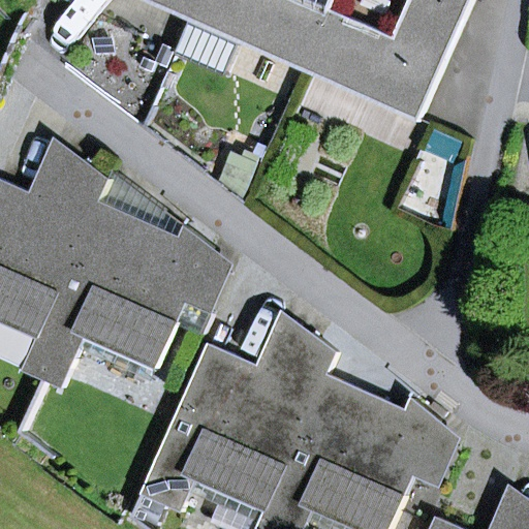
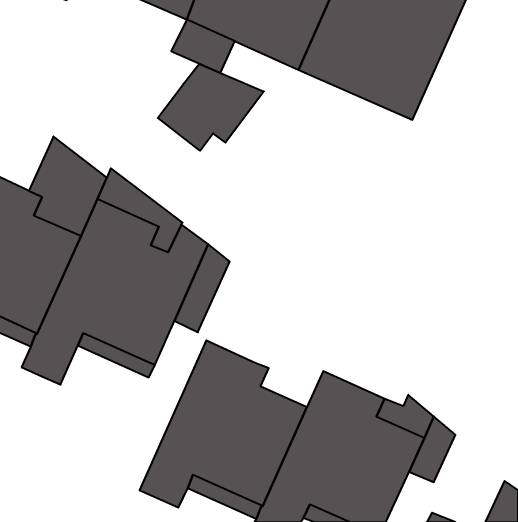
building: none -> [158,64,264,151]
building: [257,311,336,410] -> none

